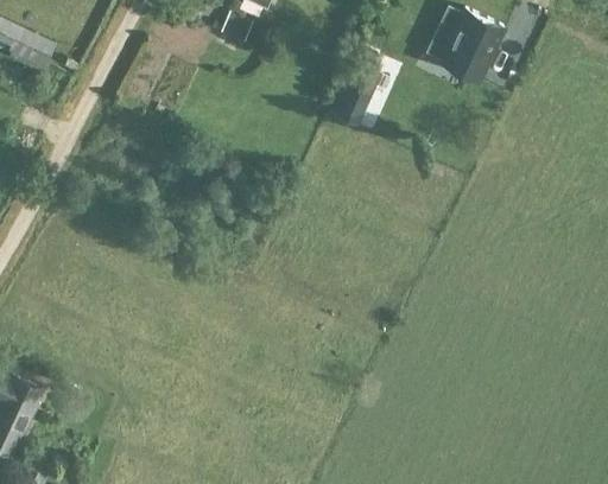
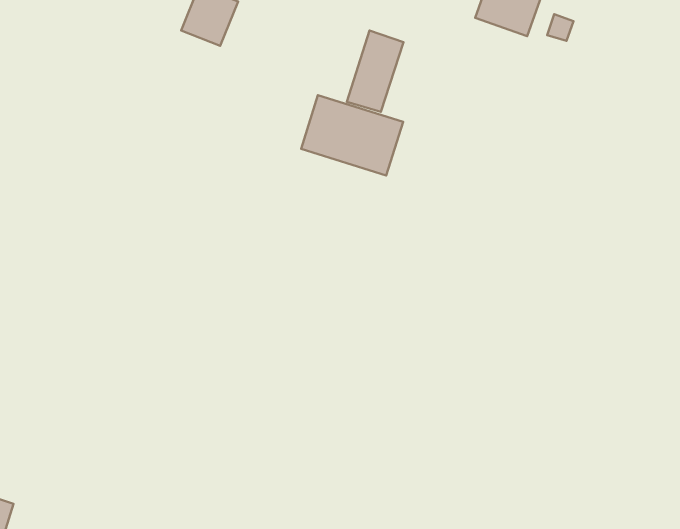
building: none -> [301,95,403,176]

